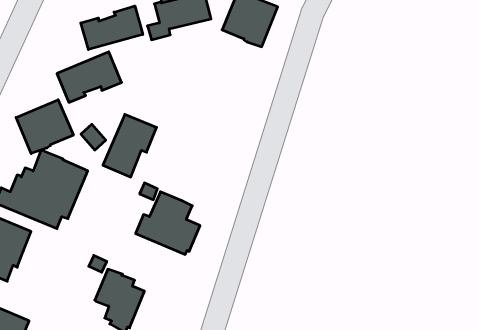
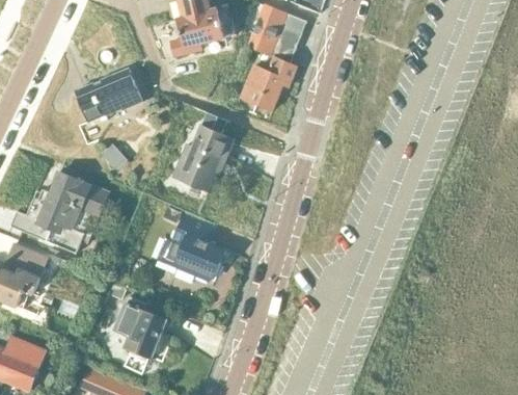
building: [81,6,143,50] -> none
building: none -> [240,58,297,111]
building: [16,100,73,154] -> none
building: [103,114,157,177] -> [178,126,234,191]

